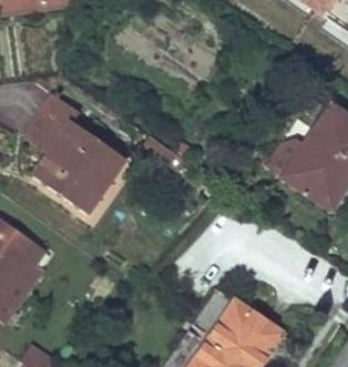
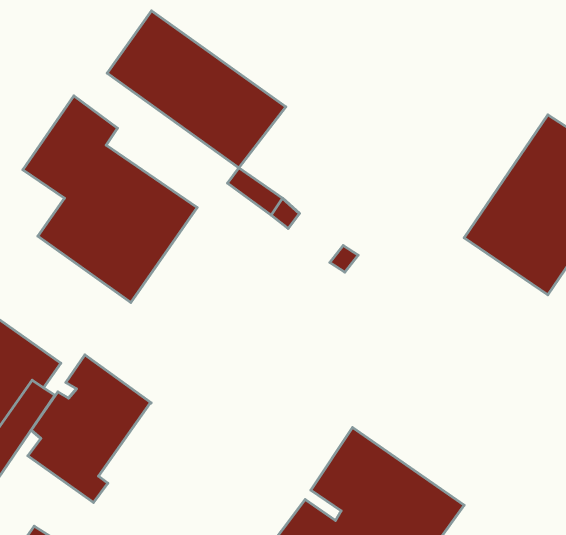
building: none -> [107,11,286,168]
building: none -> [28,355,151,502]

